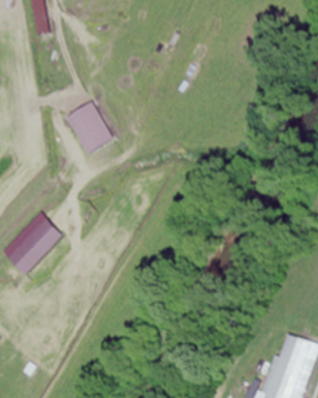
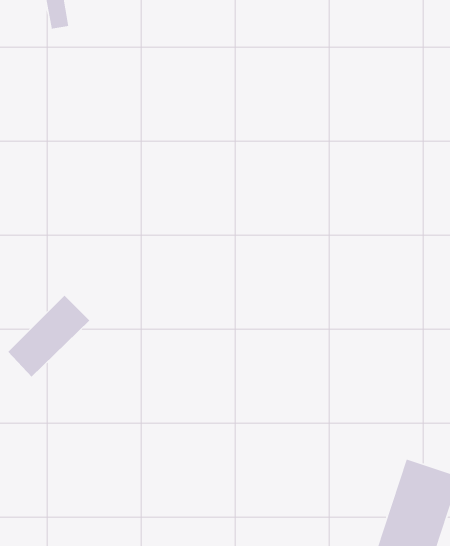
building: [68,101,114,154] -> none

